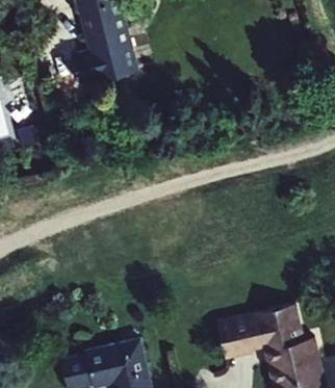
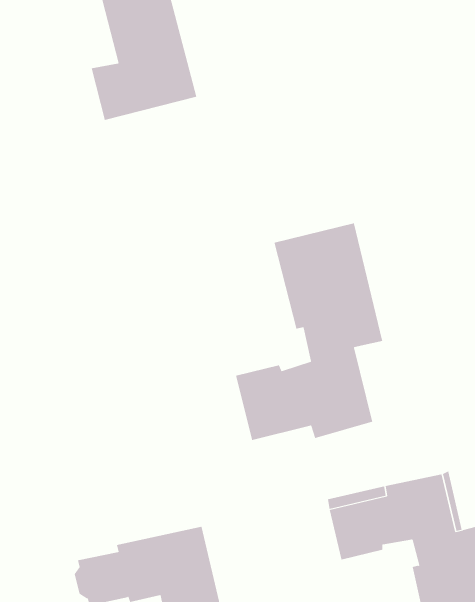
building: none -> [235,223,383,441]

